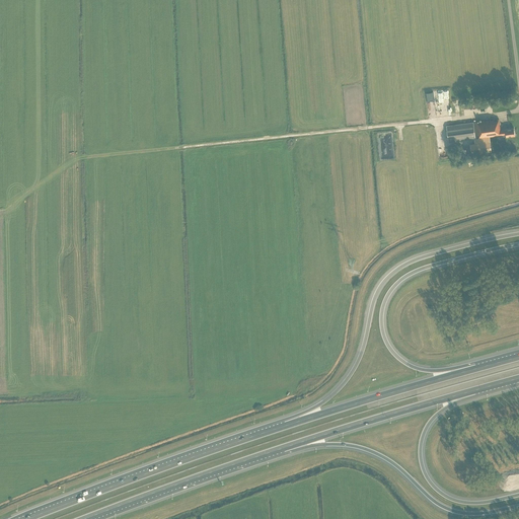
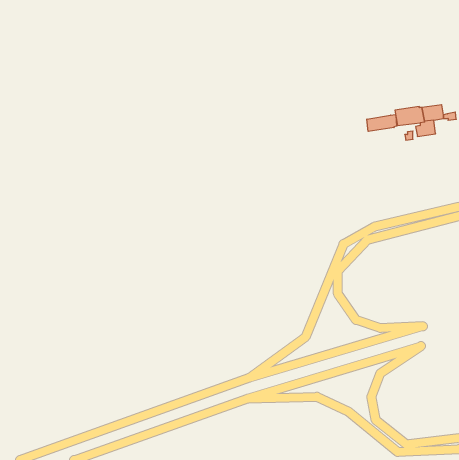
building: none -> [367,115,397,131]

